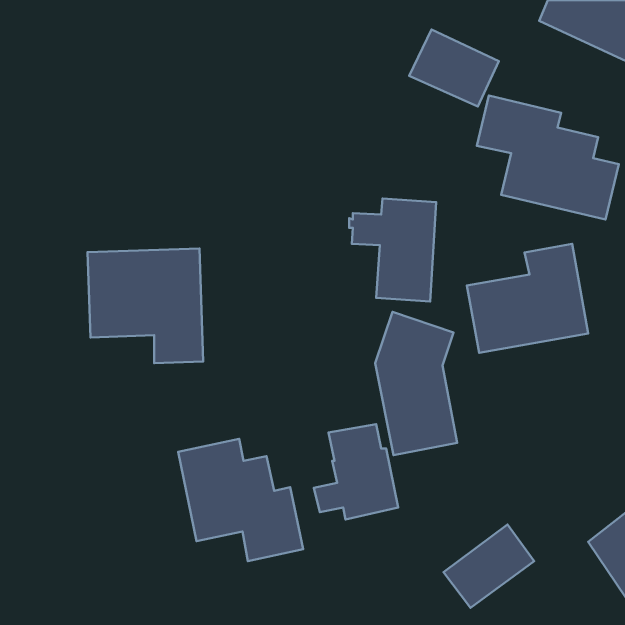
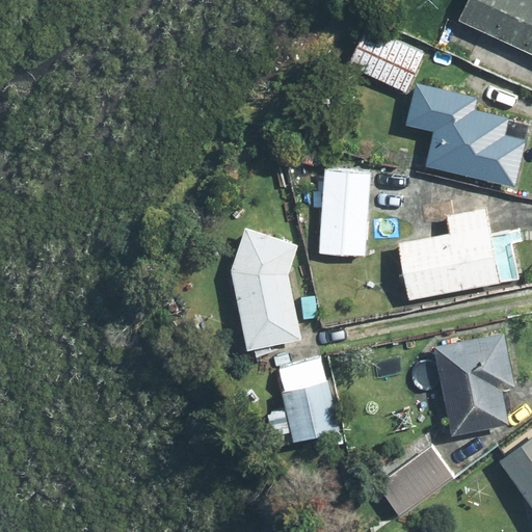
building: [88,249,203,363] -> none
building: [375,312,457,455] -> [231,228,300,349]
building: none -> [433,331,515,435]
building: [178,439,303,561] -> none

